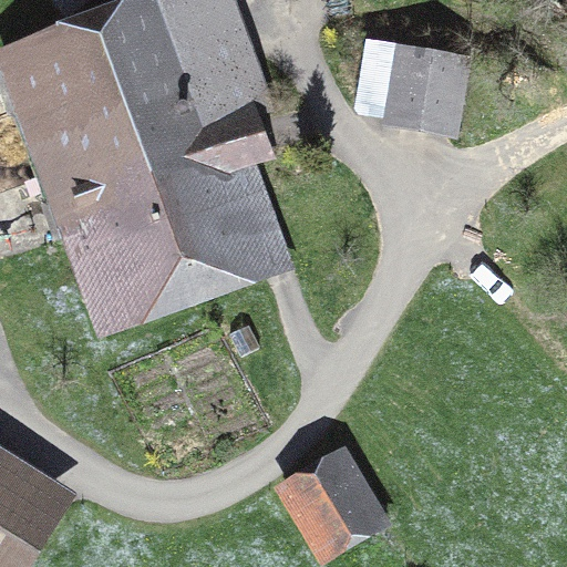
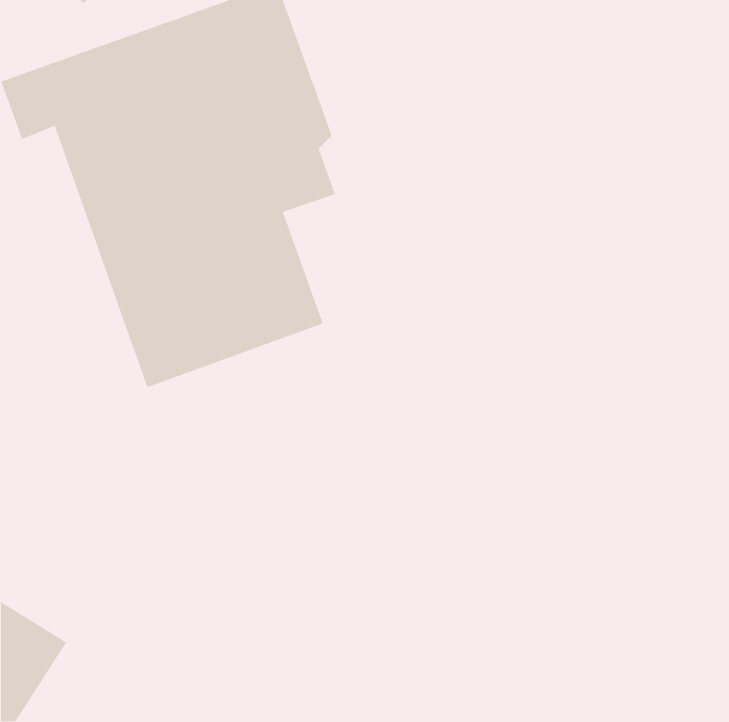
building: [386,43,472,130] -> none
building: [286,451,367,545] -> none

